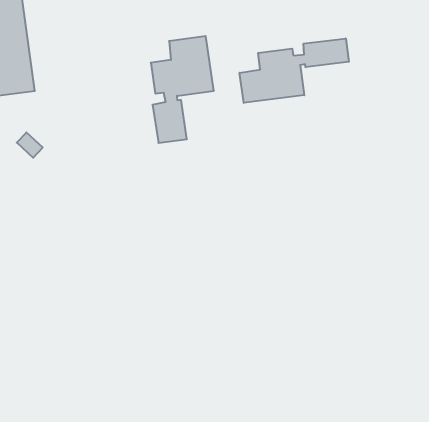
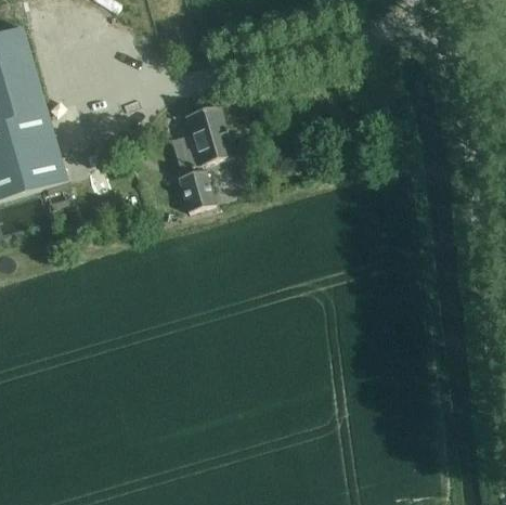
building: [240,38,349,103] -> none

